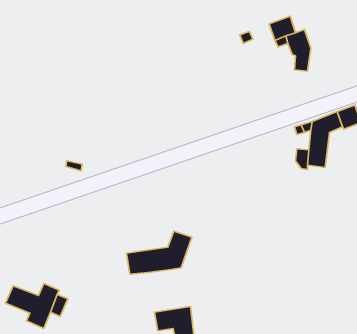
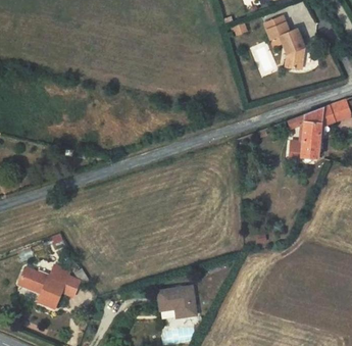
building: [127,231,192,274] -> none

